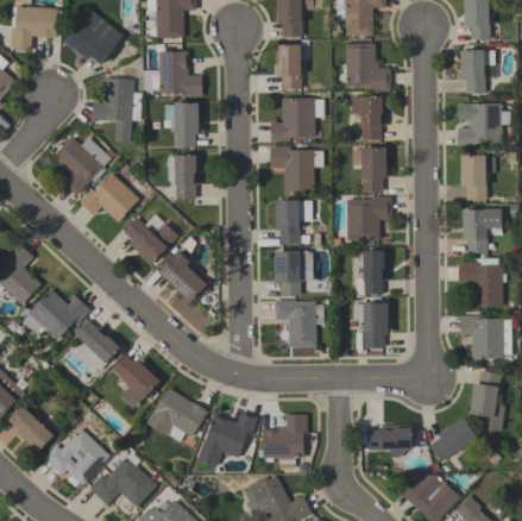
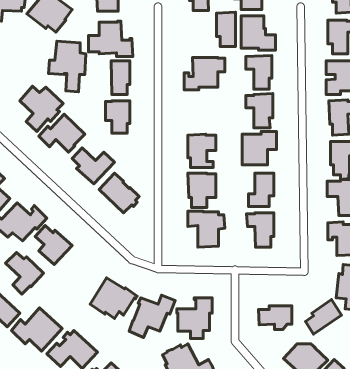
building: [276,43,301,88] -> [216,12,235,47]
building: [269,145,322,190] -> none
building: [111,353,161,408] -> [6,252,44,294]

